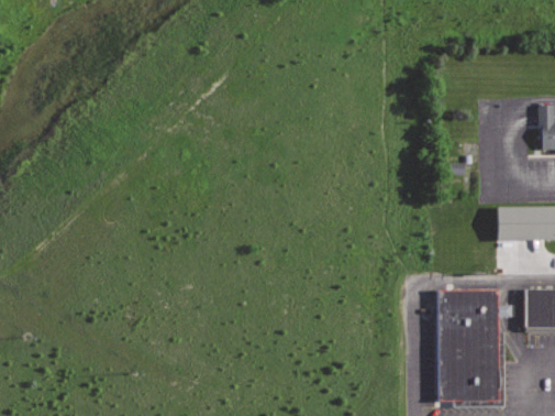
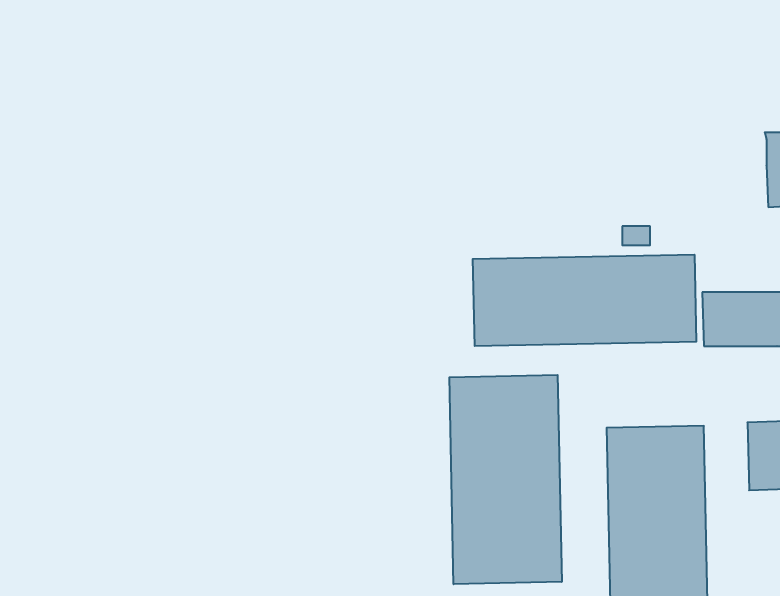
building: none -> [473,255,696,346]
building: none -> [449,375,562,584]

